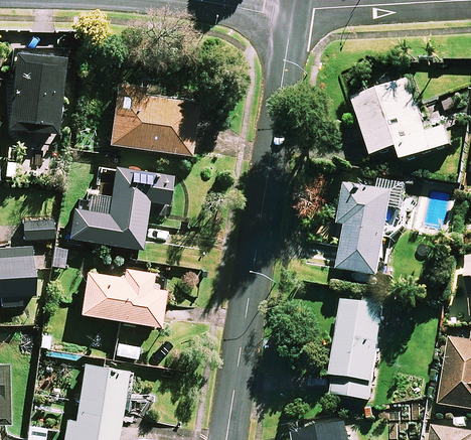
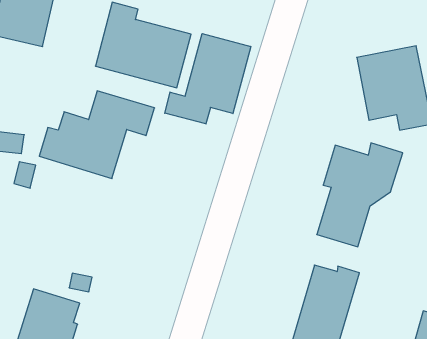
building: none -> [165,34,251,124]
building: [81,266,164,325] -> none

